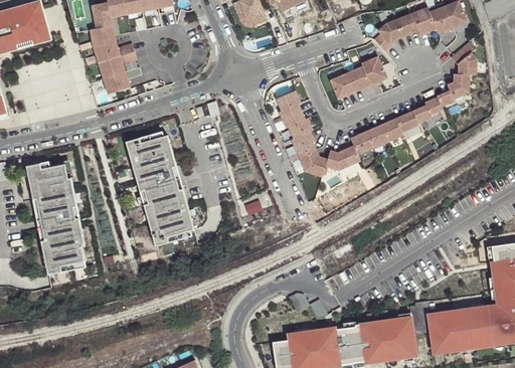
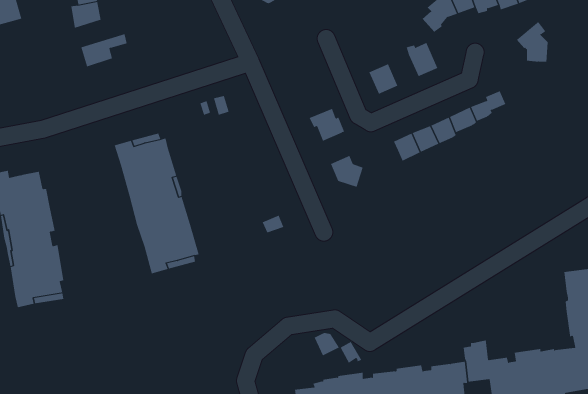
building: [93,40,134,62] -> none
building: [103,67,141,95] -> none
building: [347,68,372,94] -> none
building: [438,73,469,107] -> none
building: [277,90,302,120] -> none
building: [292,132,316,157] -> none
building: [325,146,360,170] -> none

